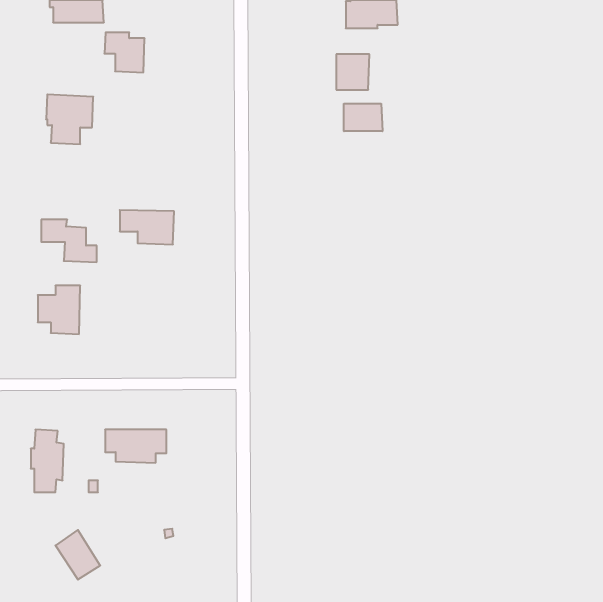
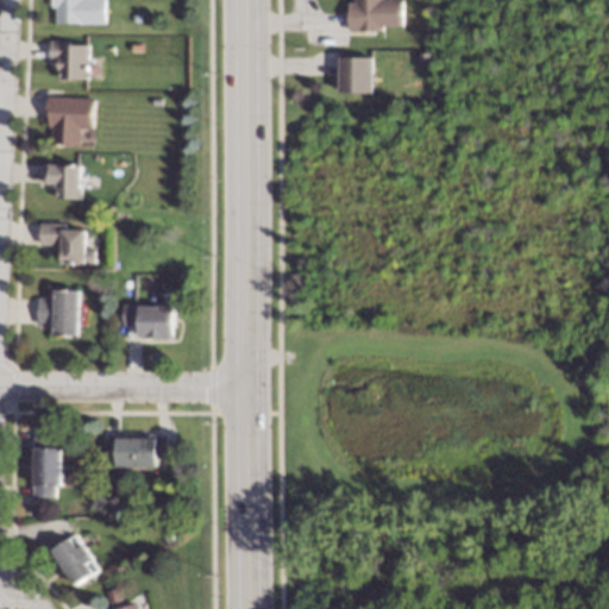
building: [104,32,145,72] -> [48,40,88,81]
building: [344,104,382,131] -> none
building: none -> [43,163,83,201]
building: [120,210,174,244] -> [121,304,176,339]

